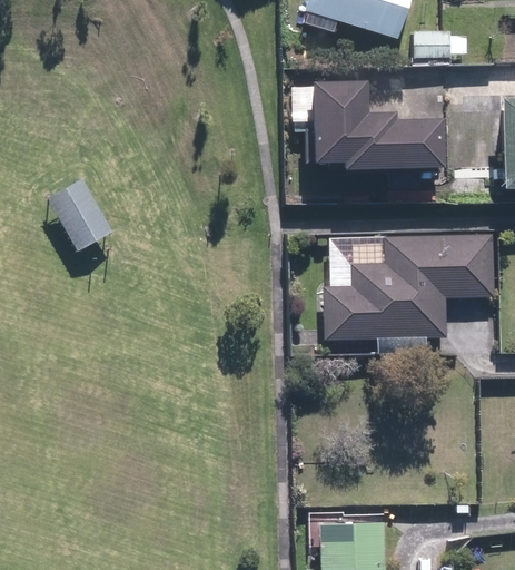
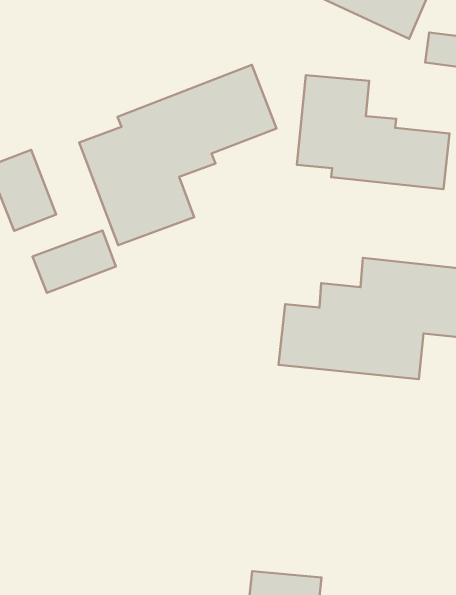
building: none -> [79,65,276,245]
building: none -> [32,231,116,293]

